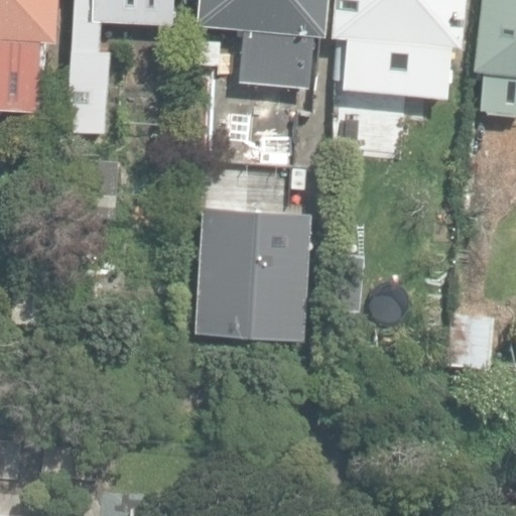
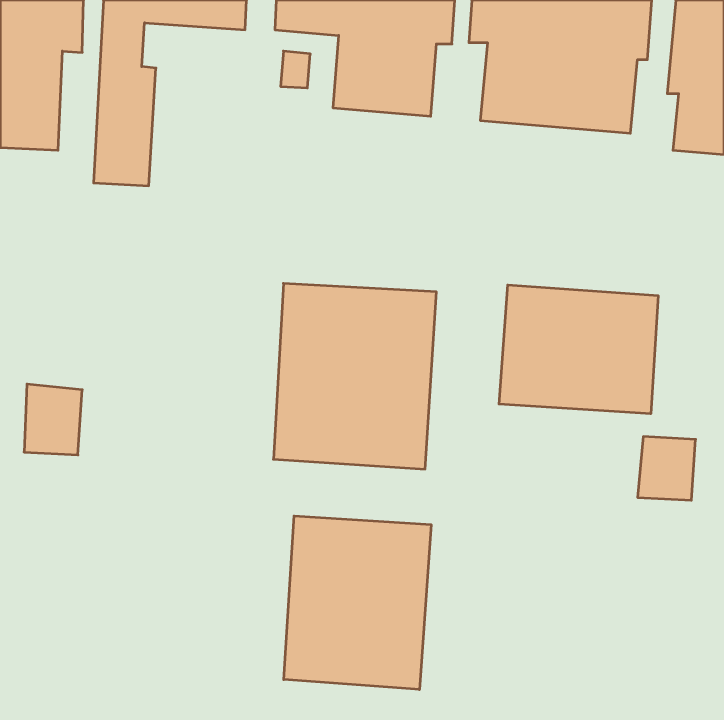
building: none -> [499,285,658,414]
building: none -> [284,516,431,690]

